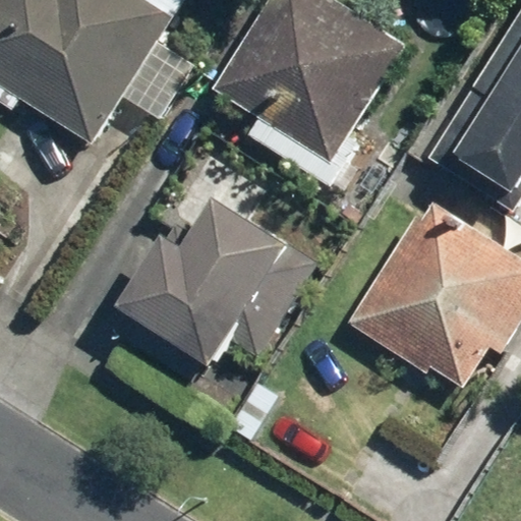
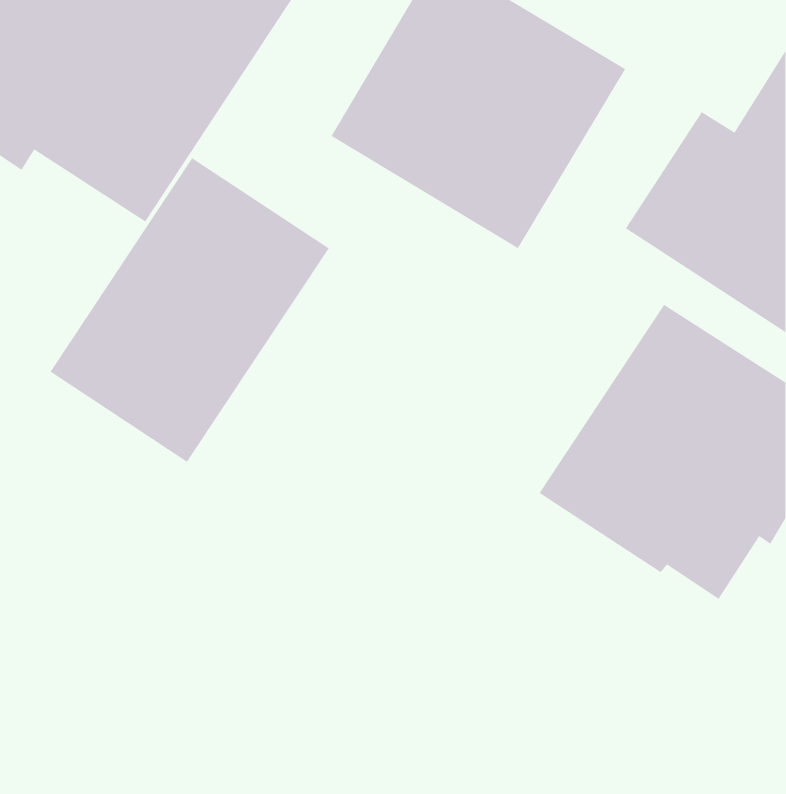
building: [112,187,294,386] -> [50,157,330,463]

